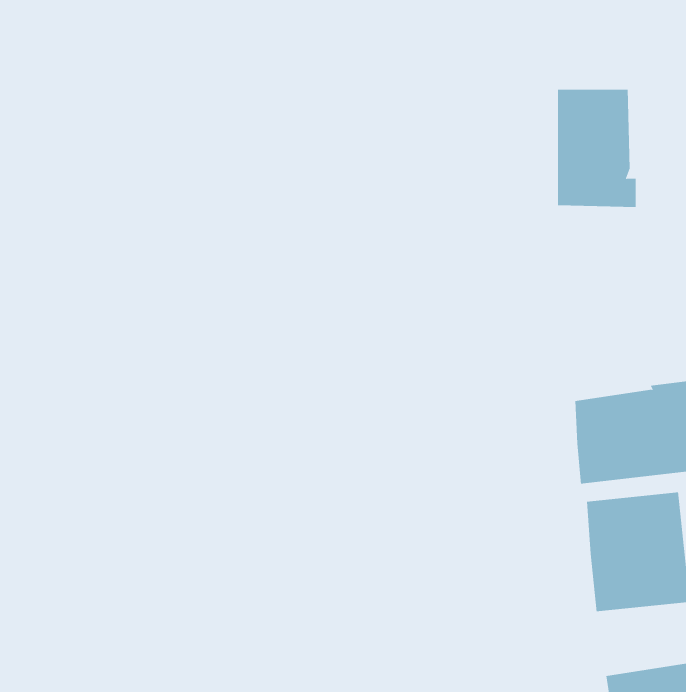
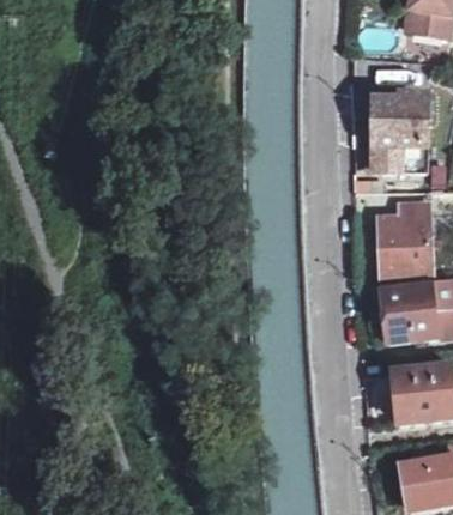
building: none -> [382,208,429,284]

